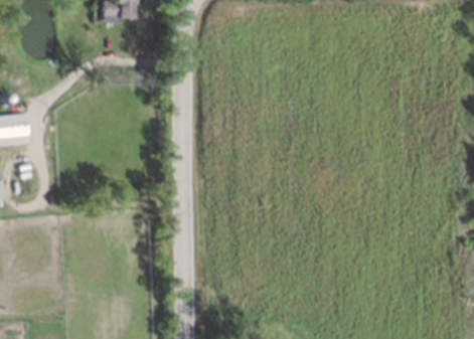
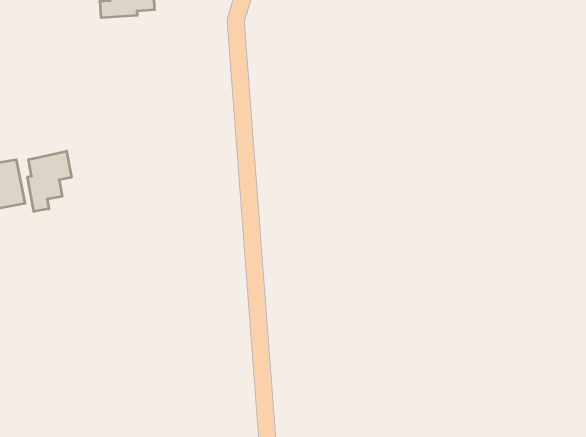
building: none -> [28,151,71,212]

